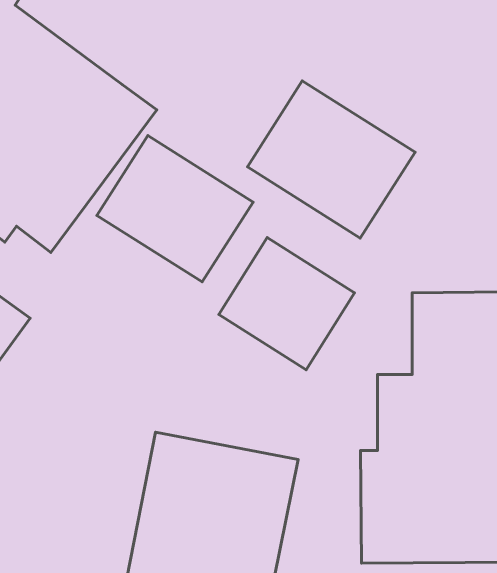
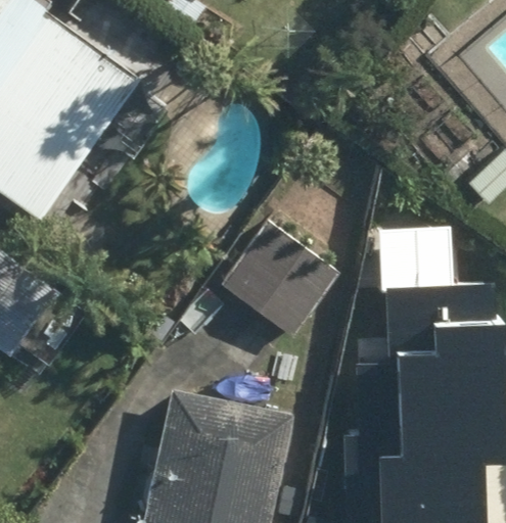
building: [247,81,415,238] -> none
building: [97,136,253,282] -> none

